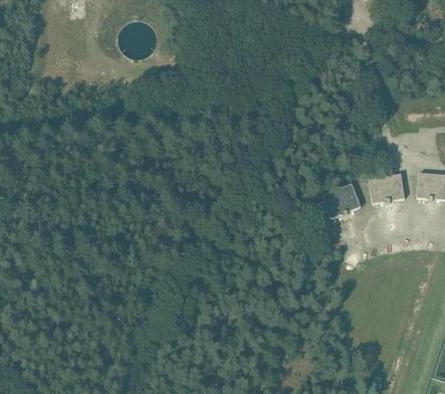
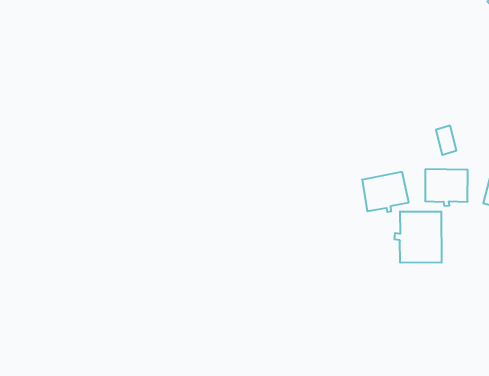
building: none -> [395,211,442,263]

